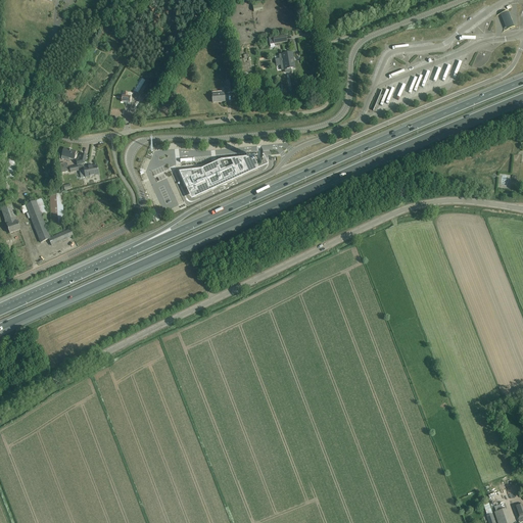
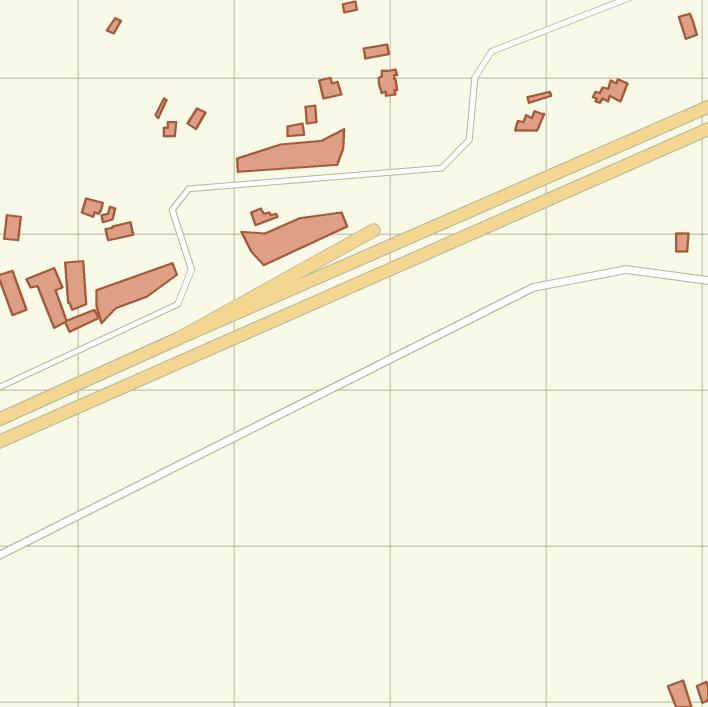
building: none -> [237,129,344,172]
building: none -> [96,263,177,323]

